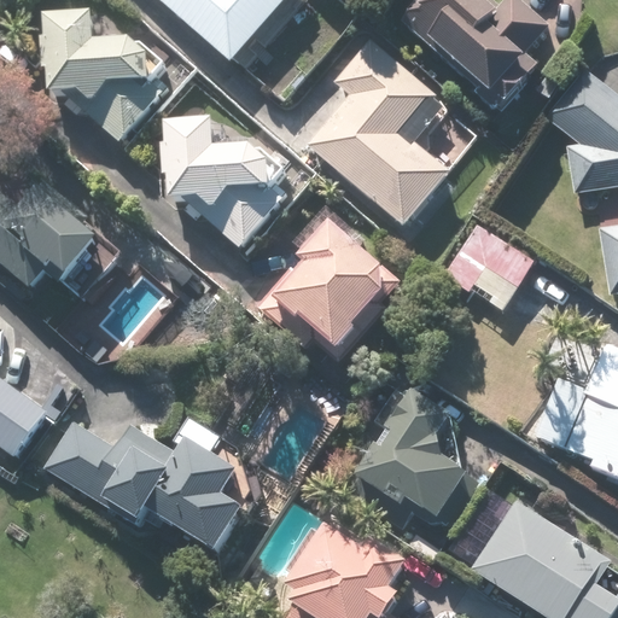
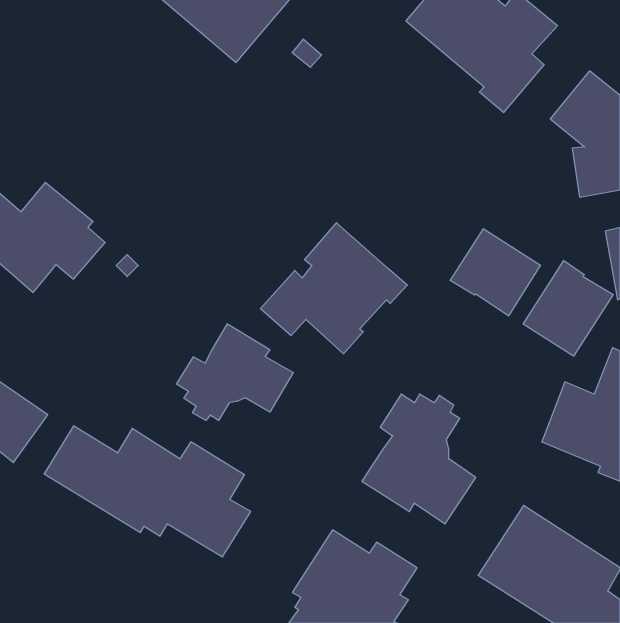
building: [45,11,164,142] -> none
building: [307,39,451,227] -> none
building: [164,117,286,247] -> none
building: none -> [523,260,613,356]
building: none -> [177,324,293,420]

